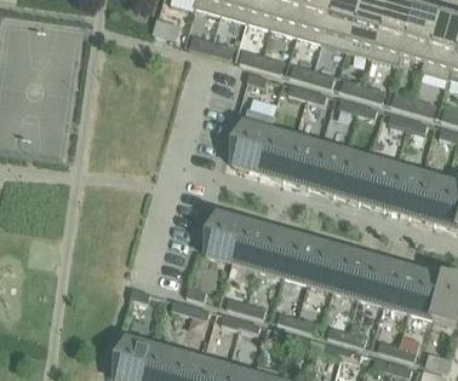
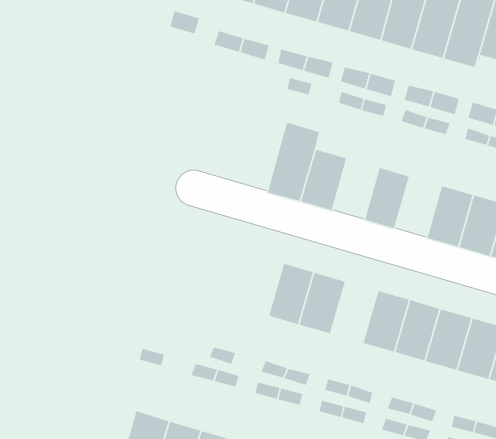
building: [282,133,320,183] -> none
building: [332,148,370,197] -> none
building: [205,209,244,259] -> none
building: [281,231,319,281] -> none

